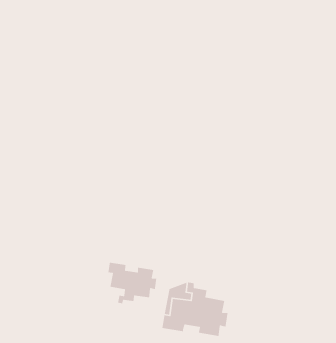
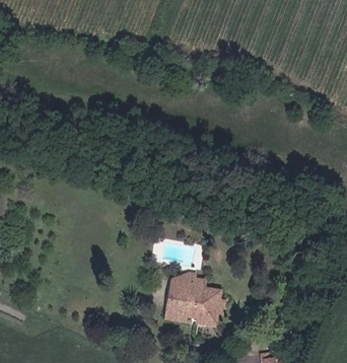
building: [107,262,157,304] -> none

